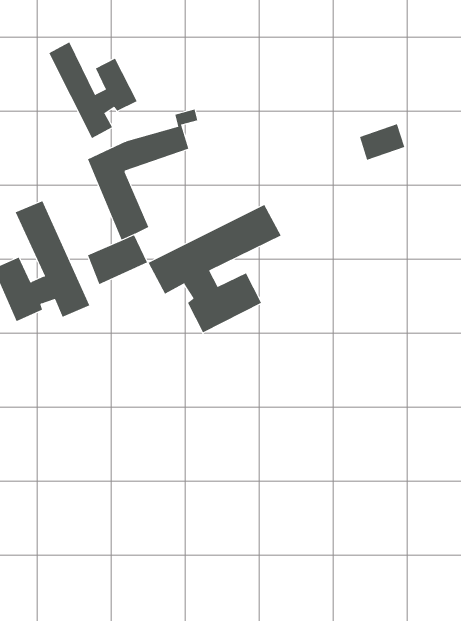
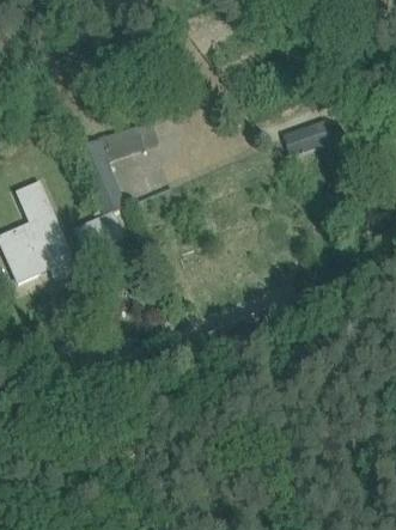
building: [49,42,137,139] -> none
building: [148,204,281,333] -> none

